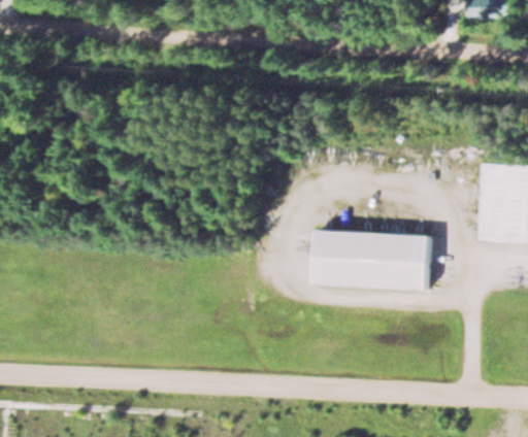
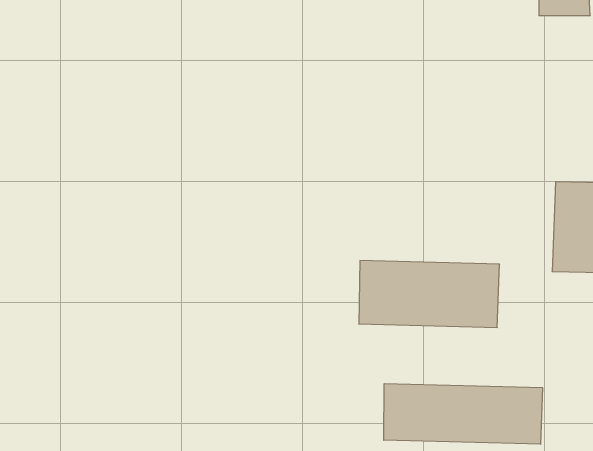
building: none -> [384,384,543,444]

